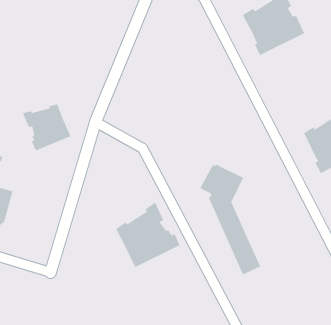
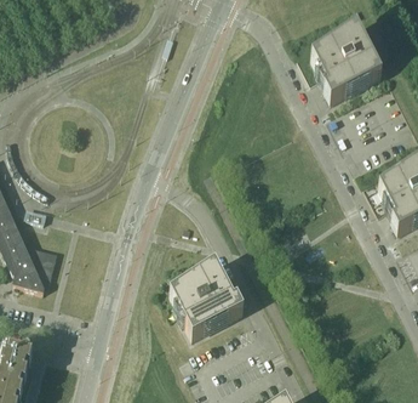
building: [22,104,71,151] -> none
building: [199,164,261,275] -> none

